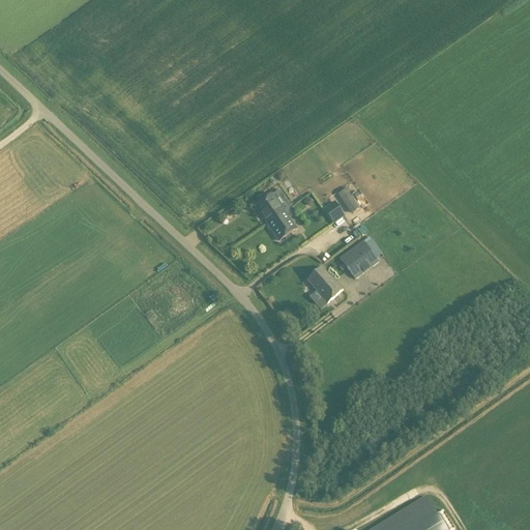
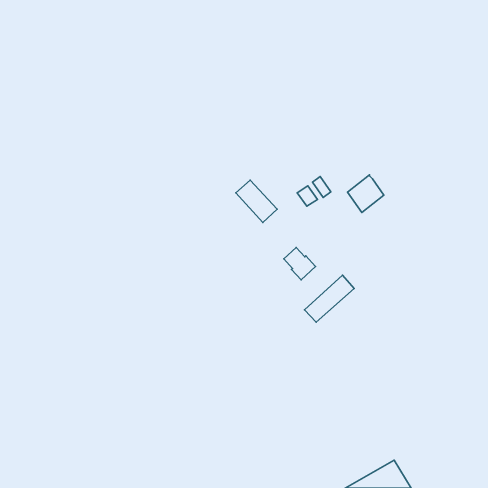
building: [337,239,377,279] -> [347,175,384,212]
building: none -> [304,275,354,322]

